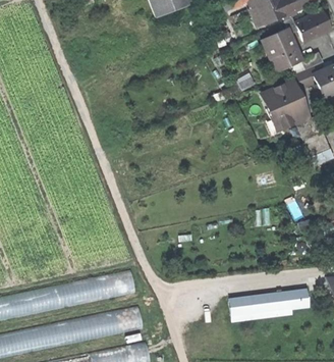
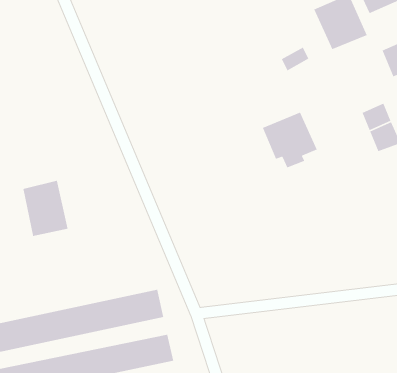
building: [262,81,308,127] -> [262,111,318,169]
building: none -> [22,180,68,237]
building: [230,289,310,321] -> none

